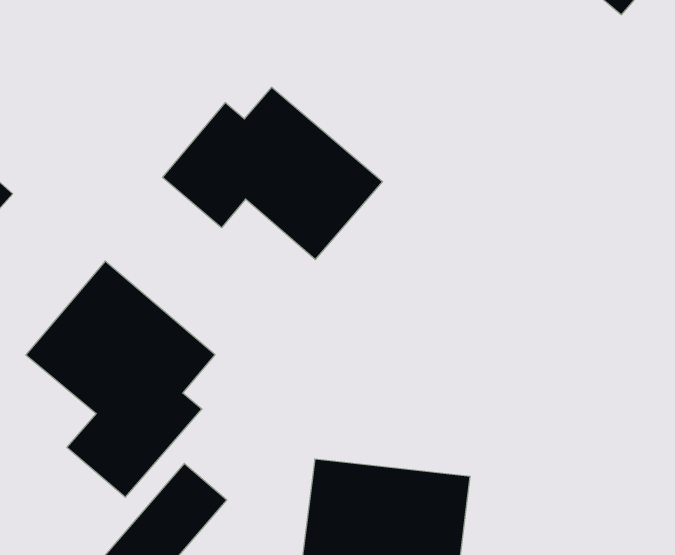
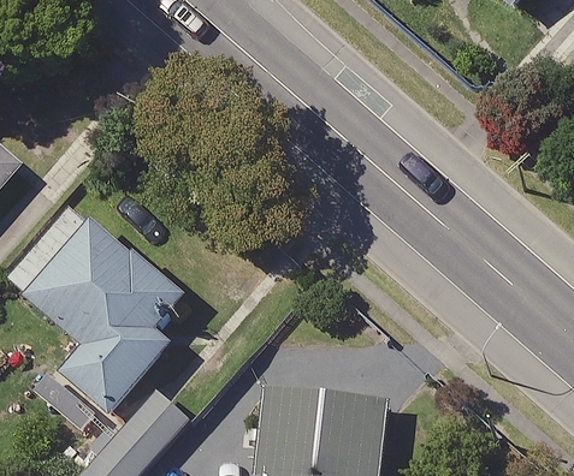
building: [163,87,383,260] -> none

